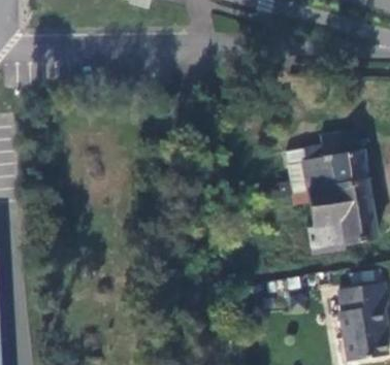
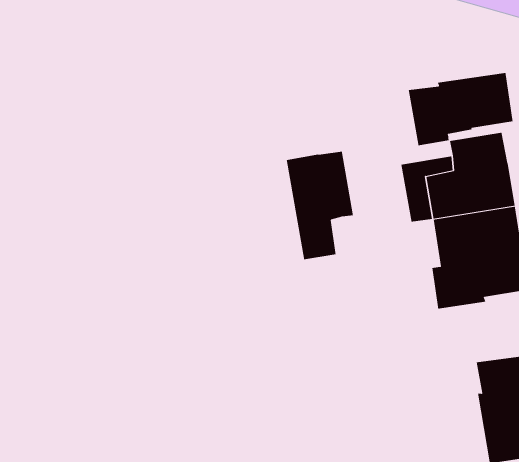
building: none -> [408,72,513,146]
building: none -> [286,151,353,260]

